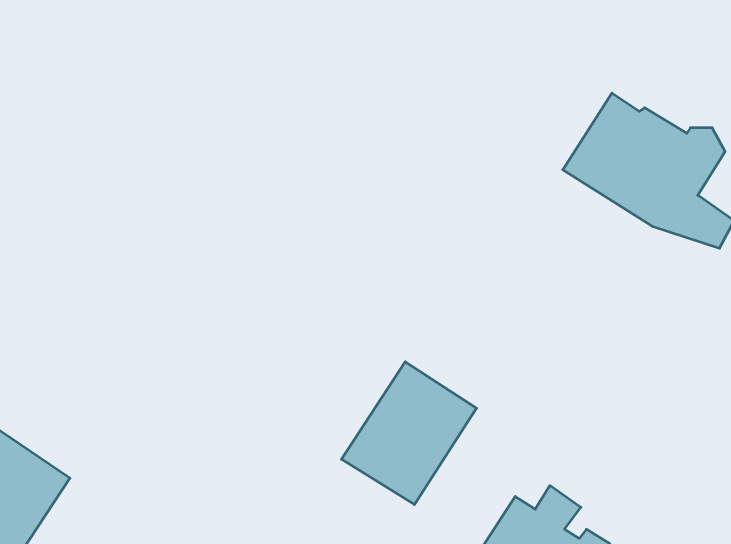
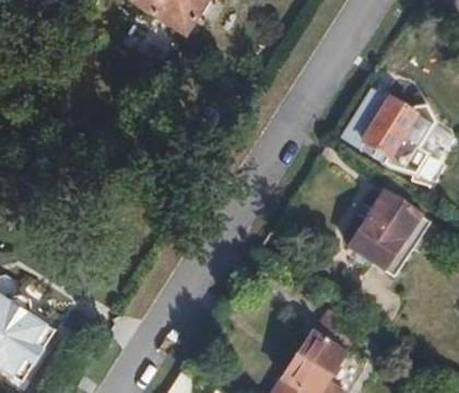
building: none -> [345,192,431,273]
building: [341,362,477,505] -> none

